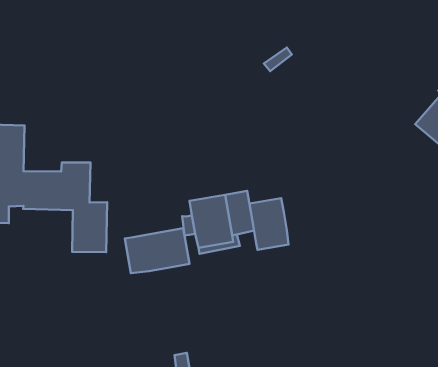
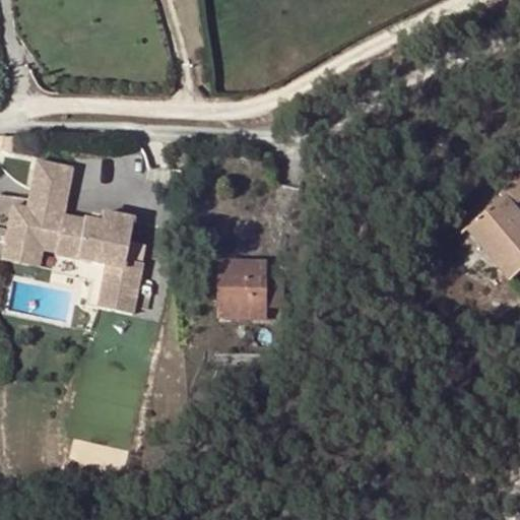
building: [249,198,288,250] -> none
building: [125,228,189,273] -> none

